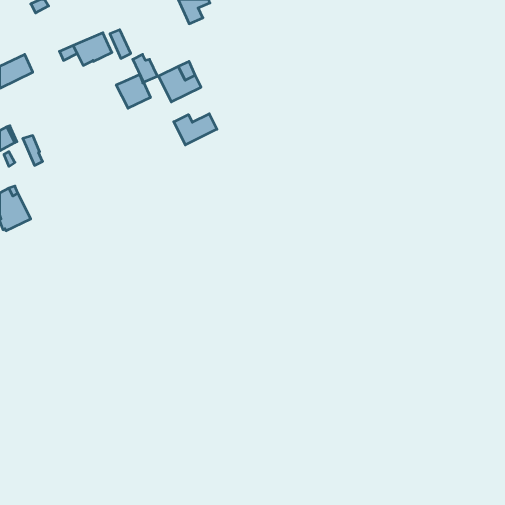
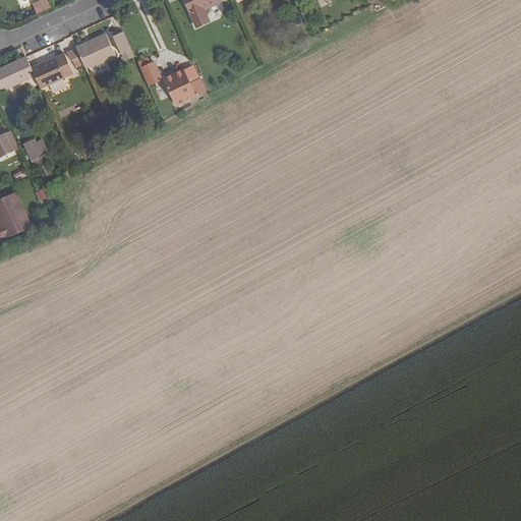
building: none -> [31,58,64,88]
building: [116,75,150,108] -> none
building: [174,114,217,145] -> none

